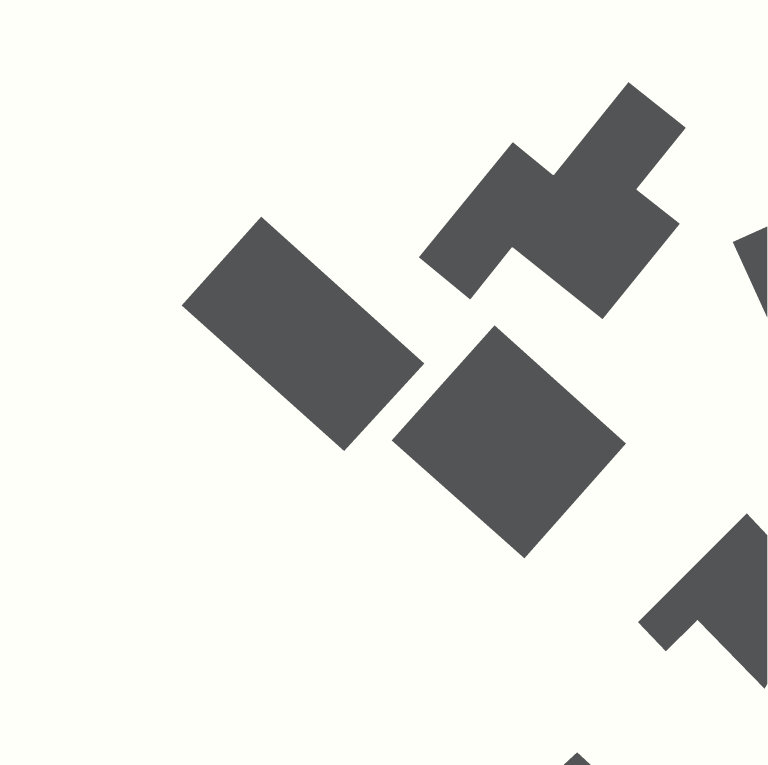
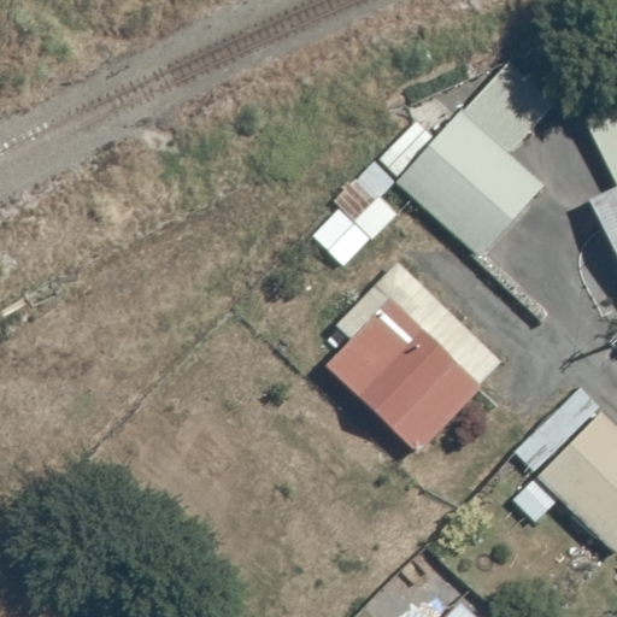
building: [181,216,425,452] -> none

